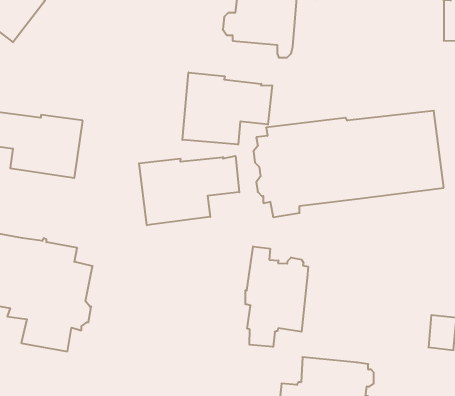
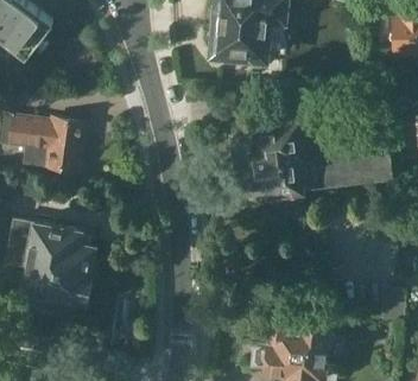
building: [182,72,272,145] -> none
building: [139,156,239,225] -> none
building: [245,246,308,347] -> none

